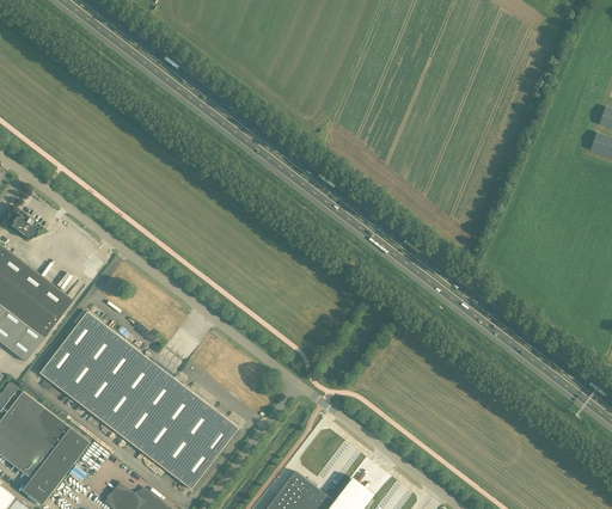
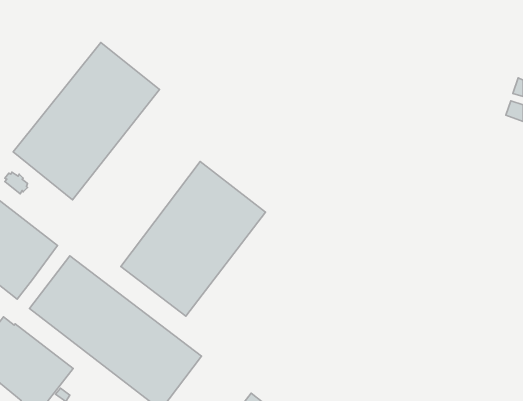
building: none -> [13,43,160,200]
building: none -> [121,162,266,316]

